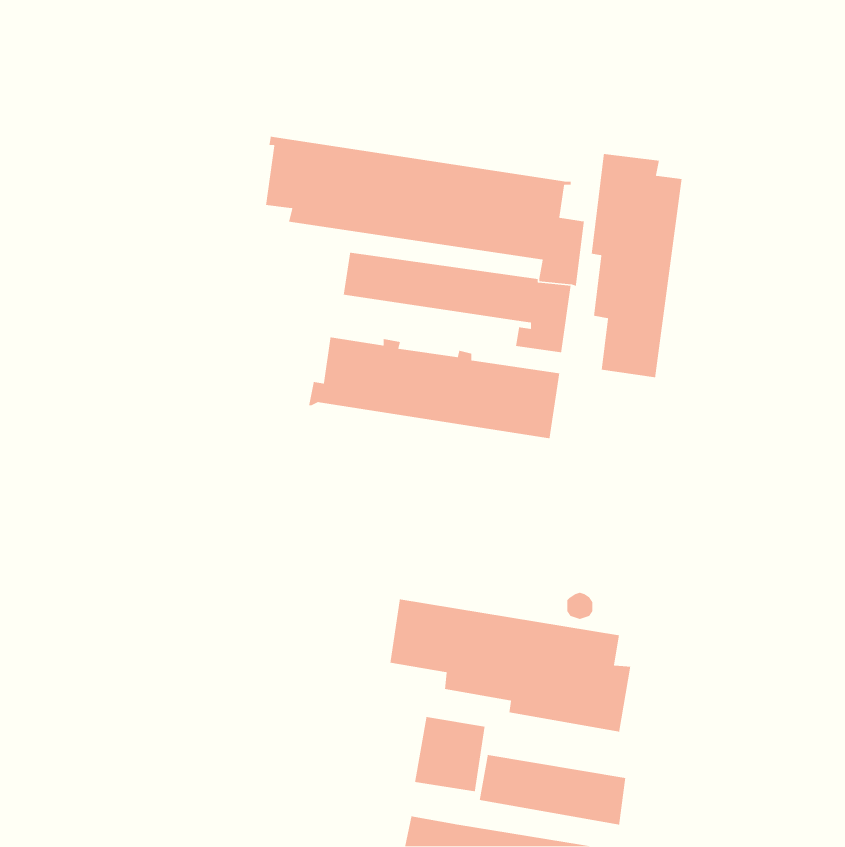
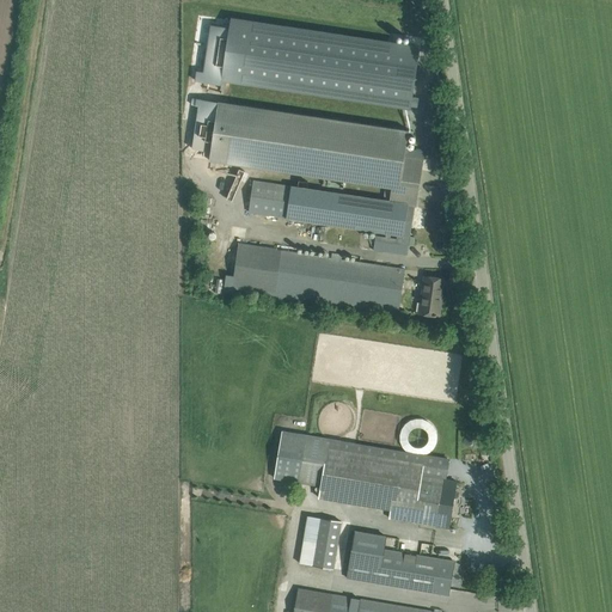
building: none -> [192,18,418,106]
building: [591,153,683,378] -> none
building: none -> [418,276,443,316]

